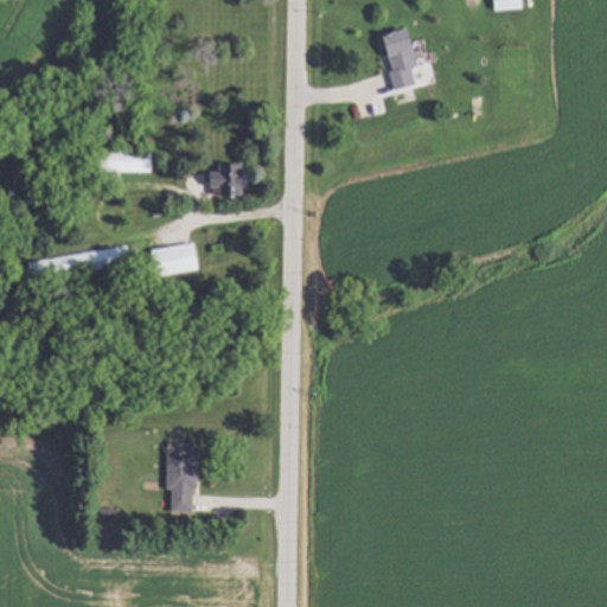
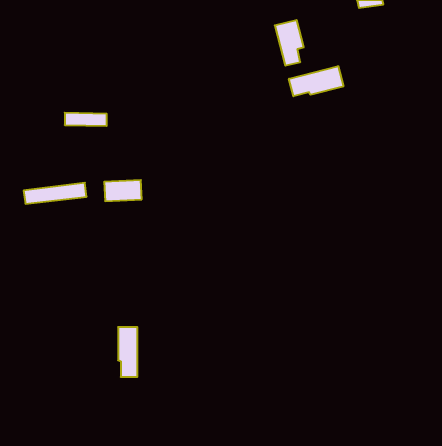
building: none -> [289,66,343,96]
building: [205,164,237,196] -> none

